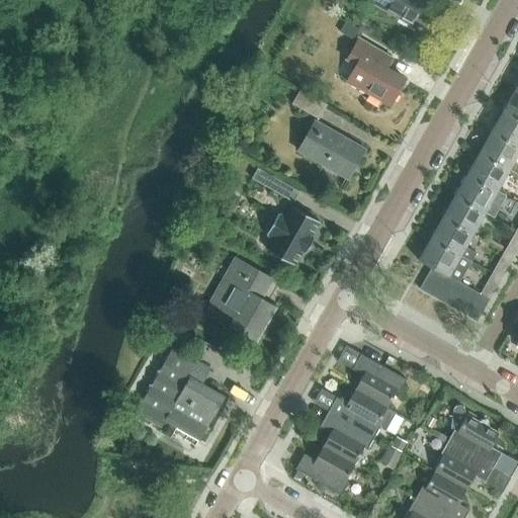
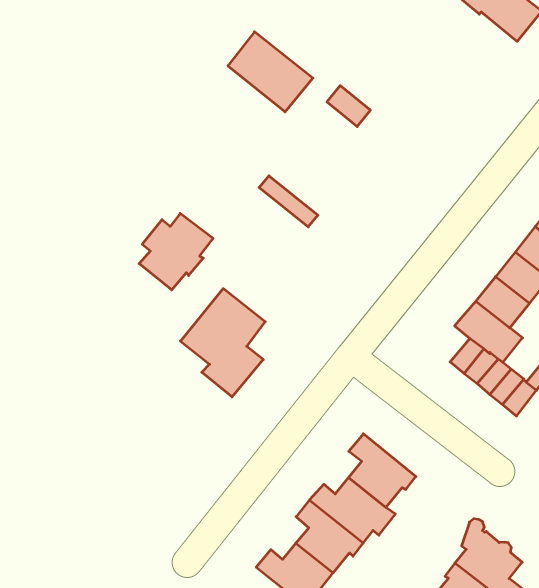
building: [346,39,405,106] -> none
building: [298,121,365,179] -> [228,32,313,112]
building: [266,206,320,266] -> [139,213,213,290]
building: [136,349,225,440] -> none

